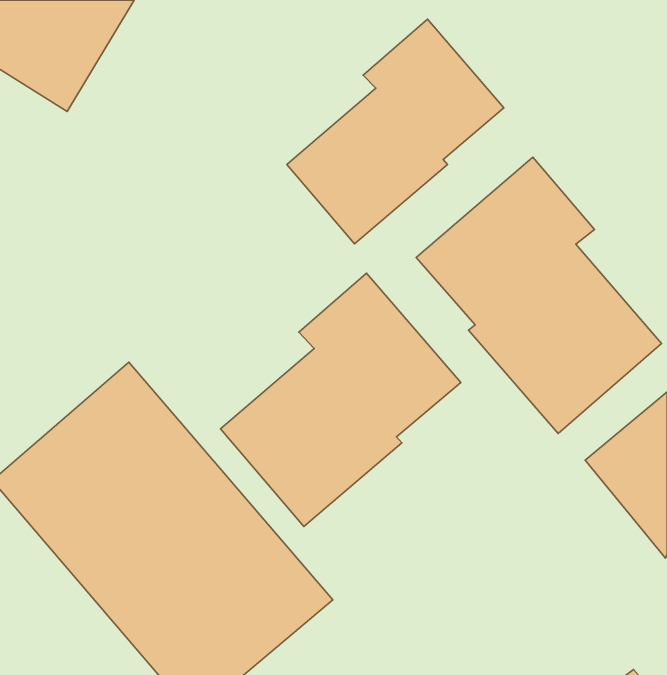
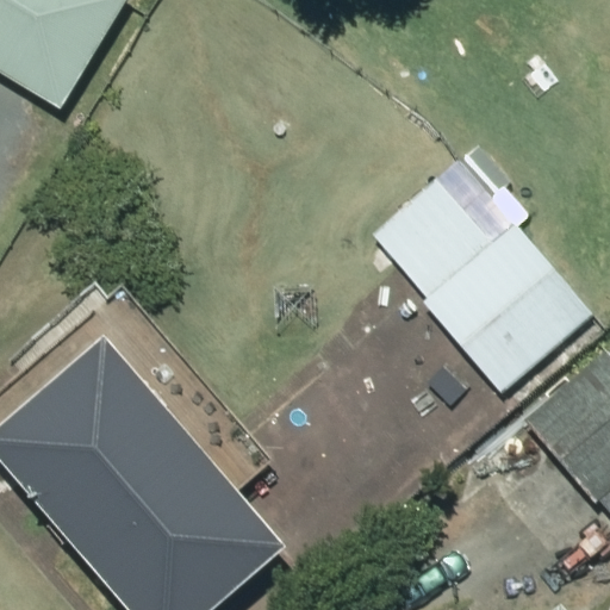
building: [287,19,504,244] -> none
building: [220,273,461,527] -> none

